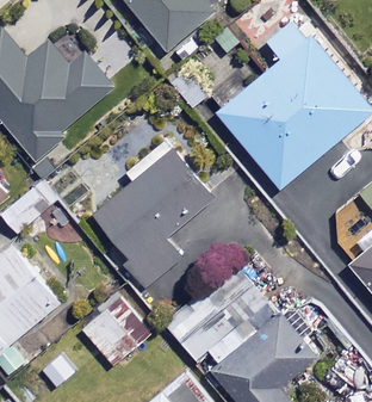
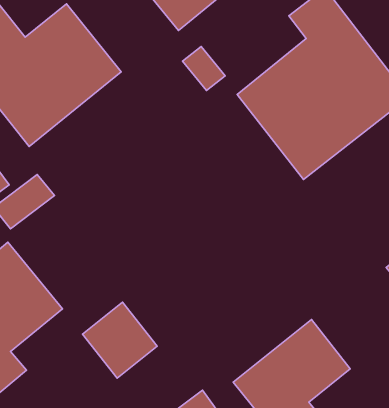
building: [94,137,216,301] -> none
building: [165,264,277,361] -> none

